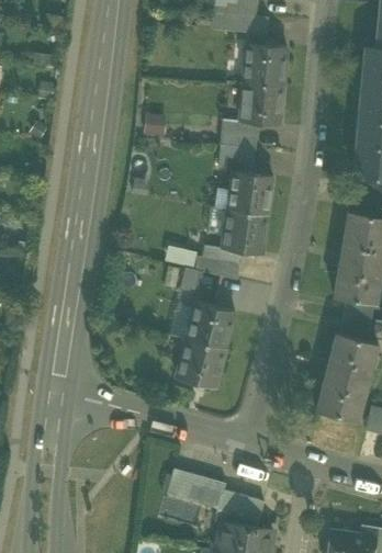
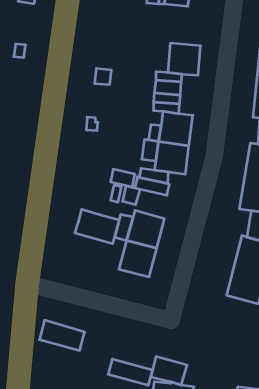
building: [243,43,285,84] -> none
building: none -> [75,209,119,244]
building: [167,469,226,508] -> [39,320,85,350]

